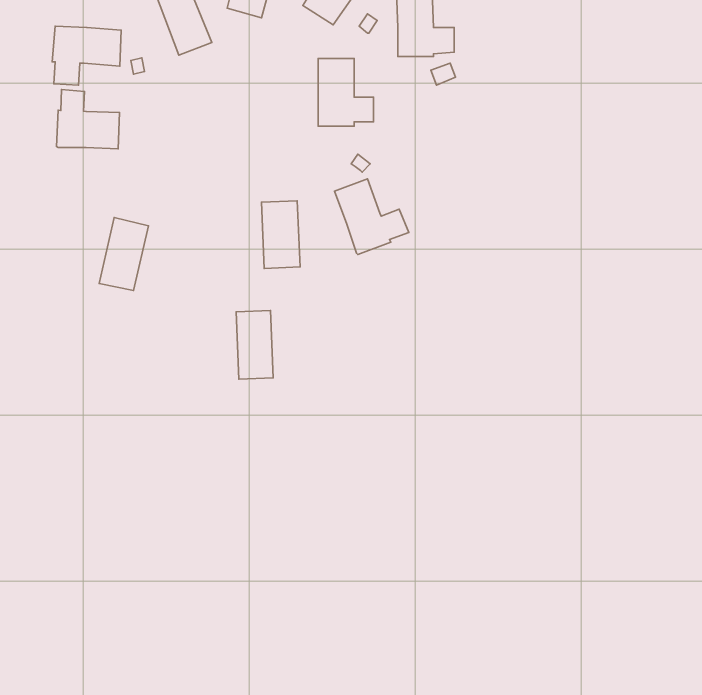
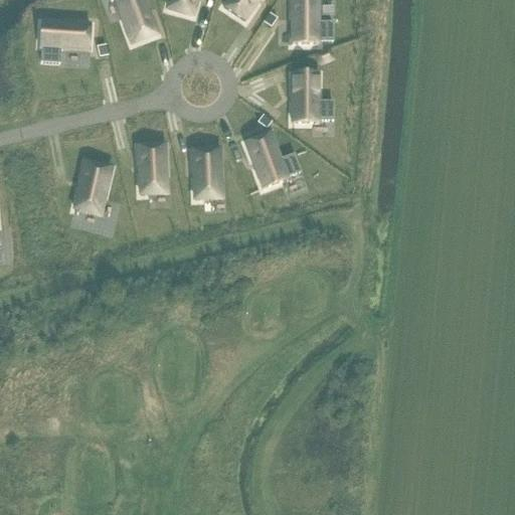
building: [318,59,373,126] -> [291,71,331,121]
building: [57,90,120,149] -> none
building: [236,310,273,379] -> [137,142,164,192]

